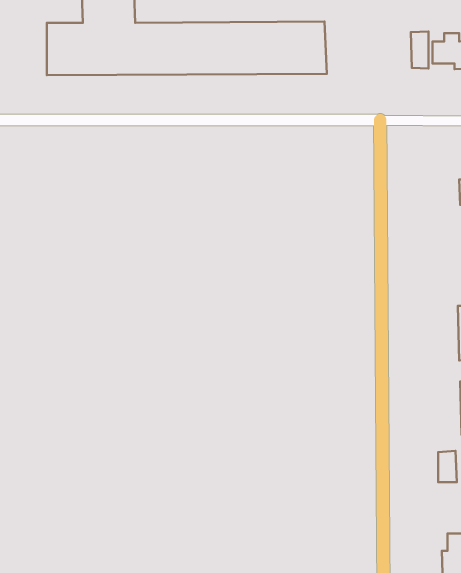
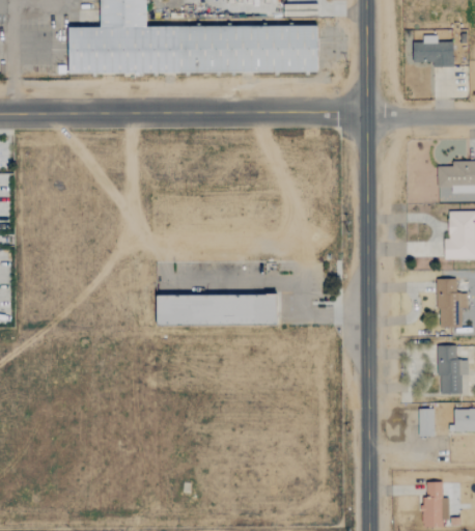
building: [411,31,428,68] -> none
building: none -> [158,295,279,325]

